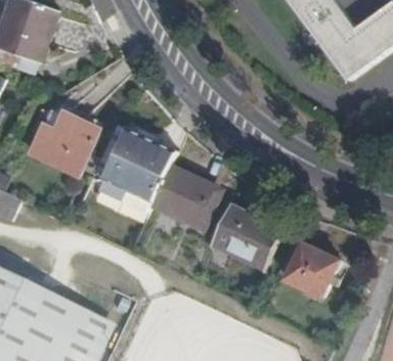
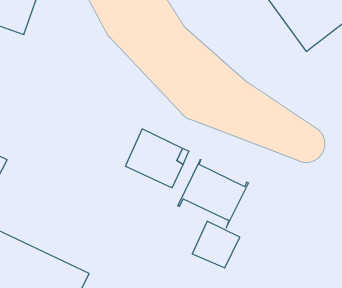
building: [32,102,104,178] -> none
building: [105,130,178,205] -> none
building: [290,245,342,297] -> [192,221,240,268]

